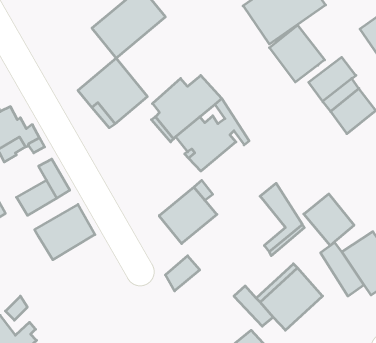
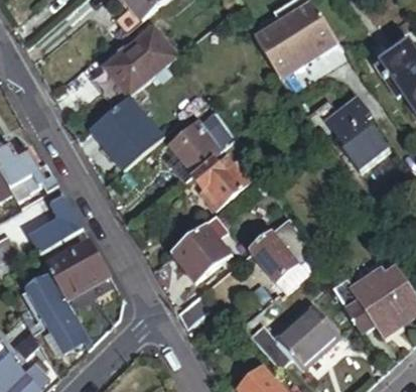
building: [269,25,325,82] -> none
building: [304,194,354,245] -> [248,233,298,284]
building: none -> [28,273,92,353]

